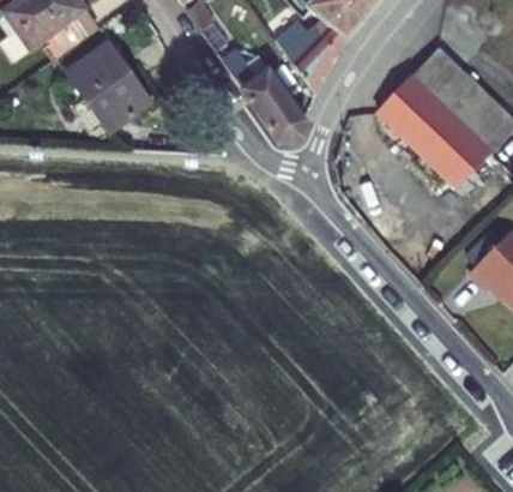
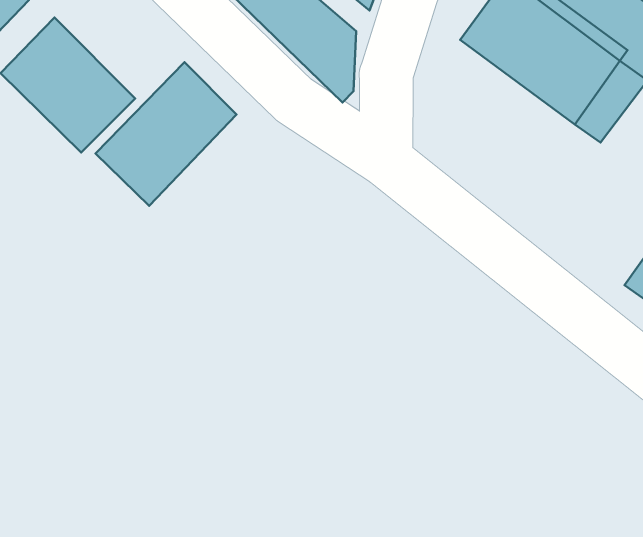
building: none -> [95,62,236,206]

